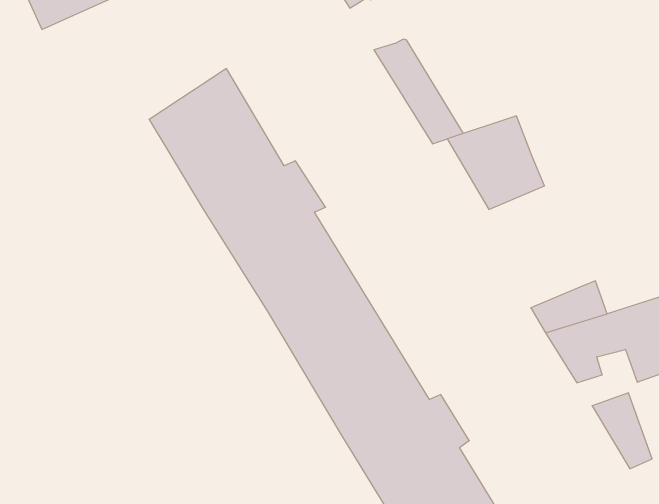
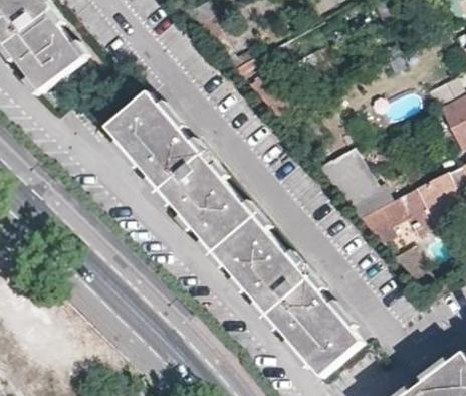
building: [447,116,544,209] -> [316,146,378,203]

